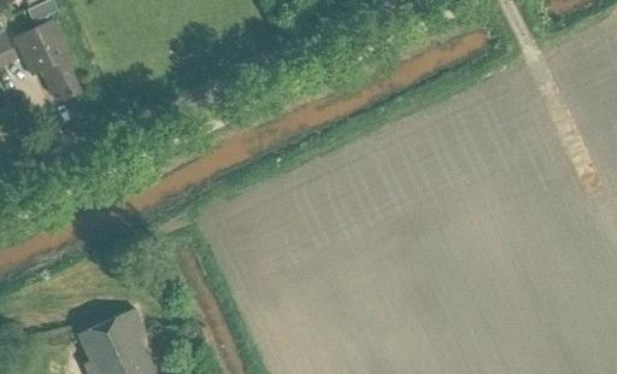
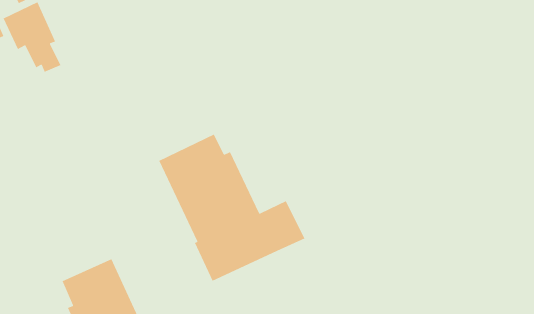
building: none -> [158,134,305,282]

